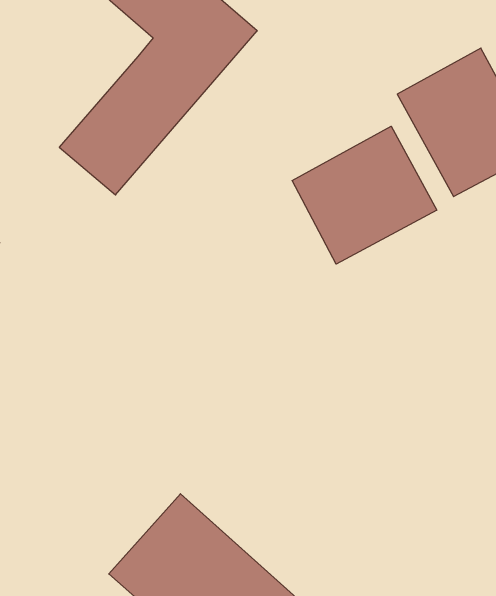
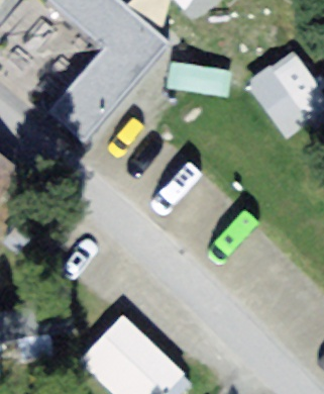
building: [292,126,437,264] -> none

